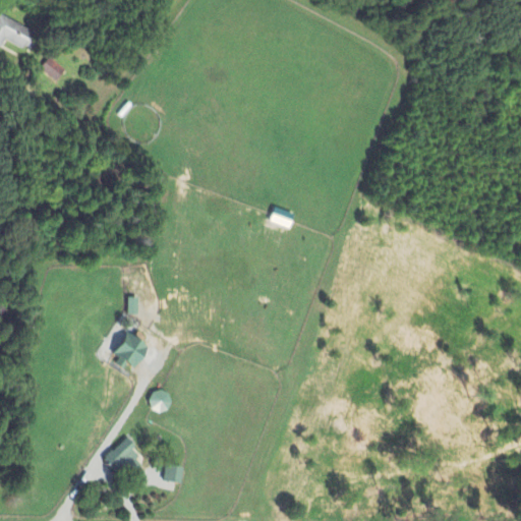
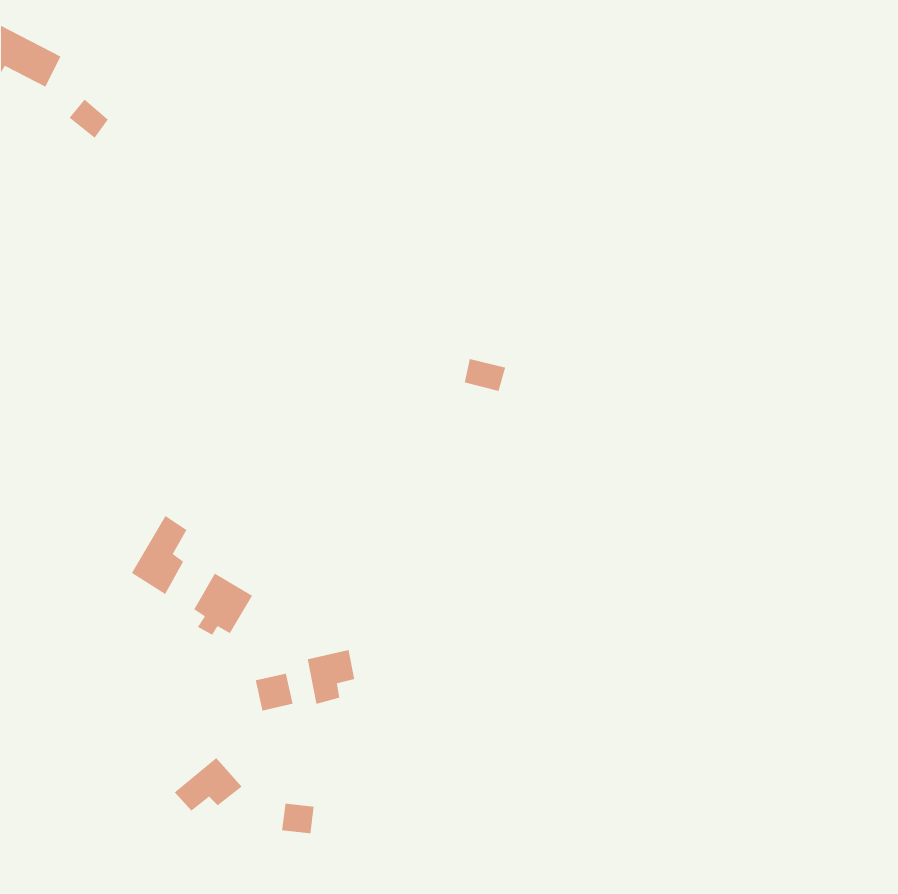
building: none -> [131,515,188,595]
building: none -> [307,649,355,705]

